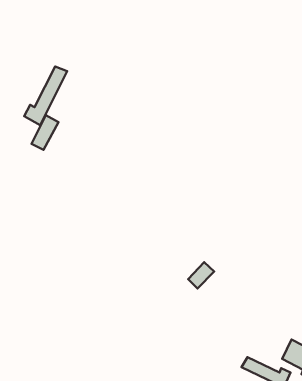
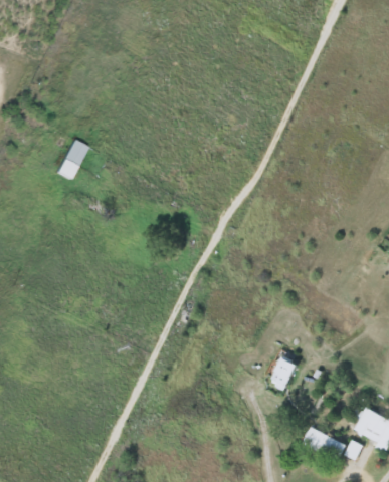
building: [24,66,67,125] -> none
building: [188,262,214,288] -> [270,358,302,390]

